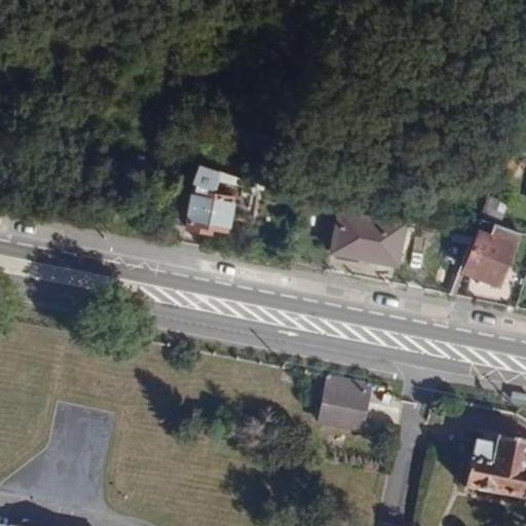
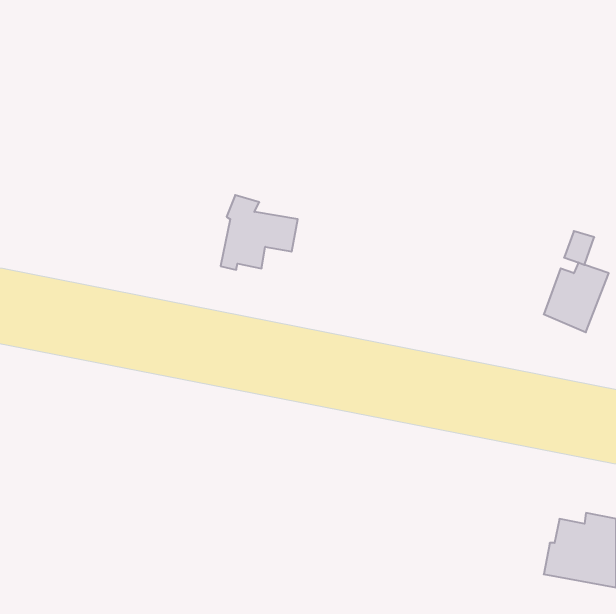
building: [331,213,403,264] -> none
building: [320,378,366,433] -> none

